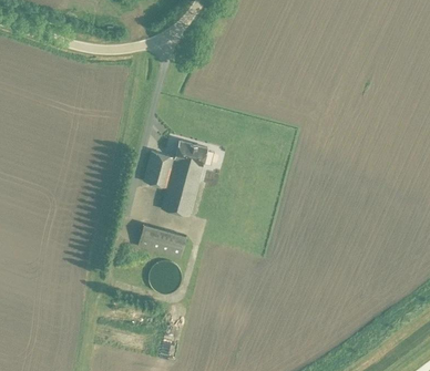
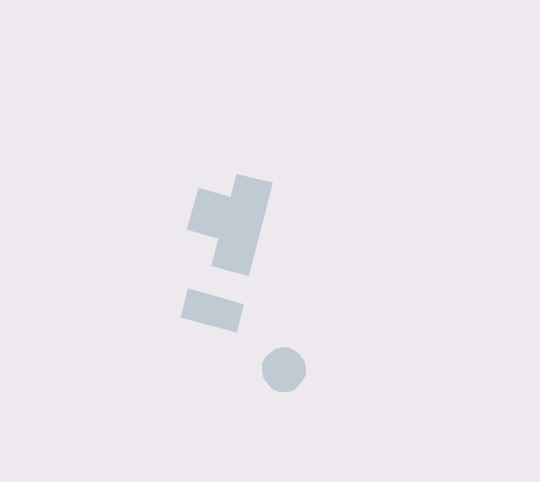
building: [149,260,182,293] -> [261,347,307,393]

